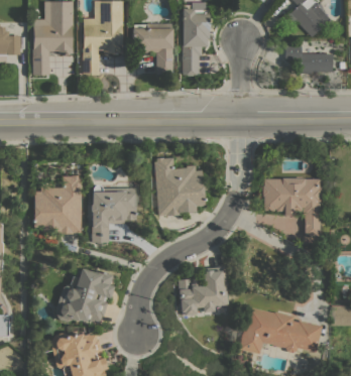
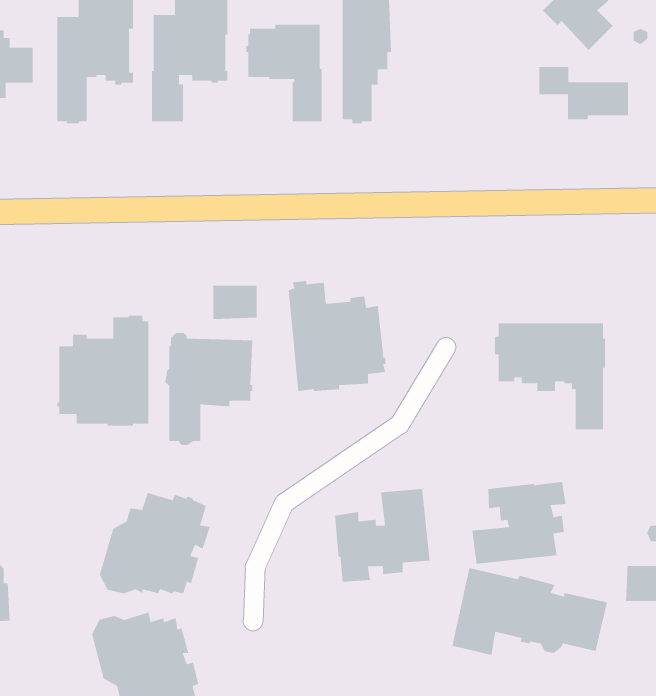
building: none -> [213,285,258,320]
building: none -> [471,481,567,565]

